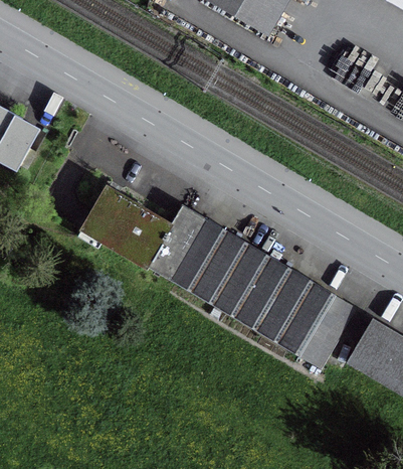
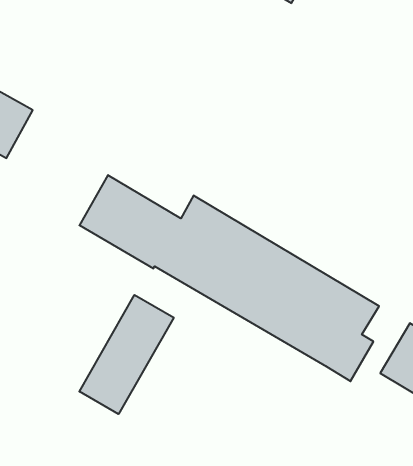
building: none -> [79,295,174,414]

